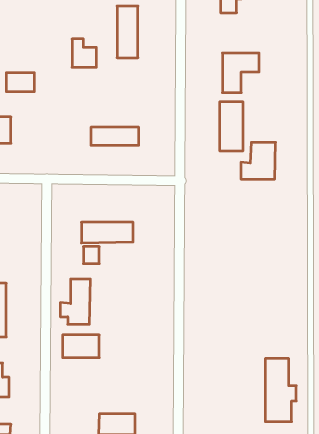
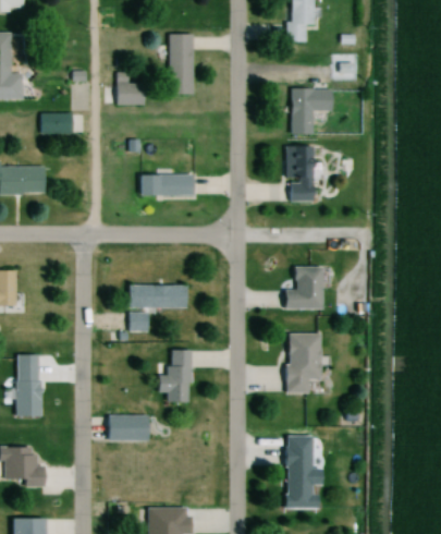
building: [241,142,276,179] -> [284,267,324,310]
building: none -> [286,333,321,392]
building: [60,279,90,324] -> [158,350,193,402]
building: [265,359,296,422] -> [286,436,322,509]

